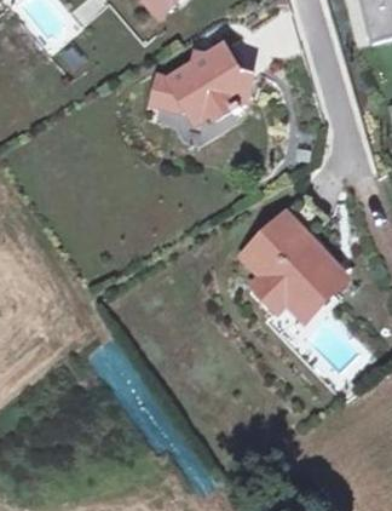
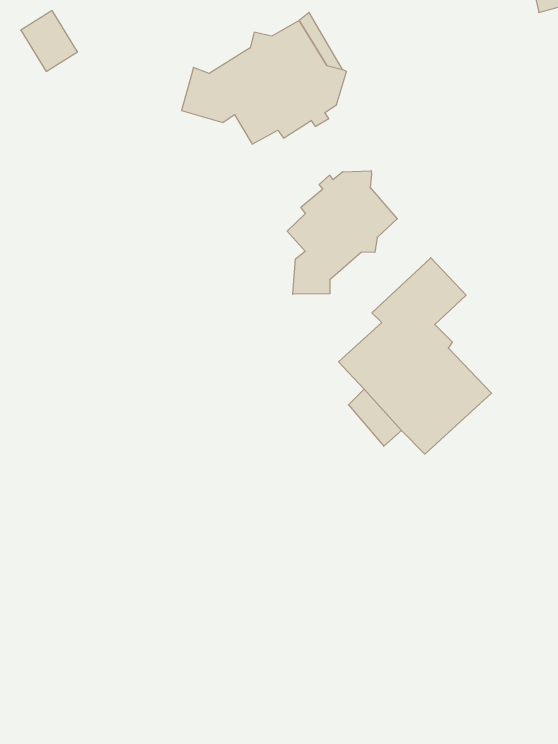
building: none -> [287,171,397,294]

